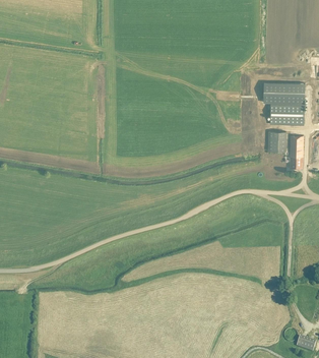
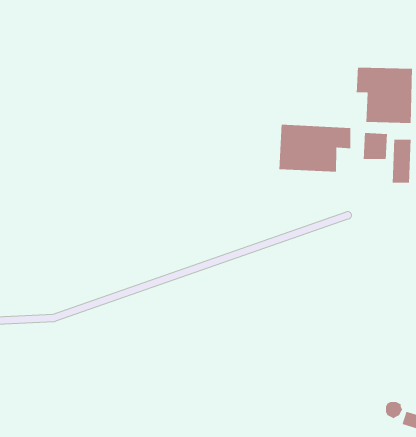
building: none -> [278,124,351,172]

